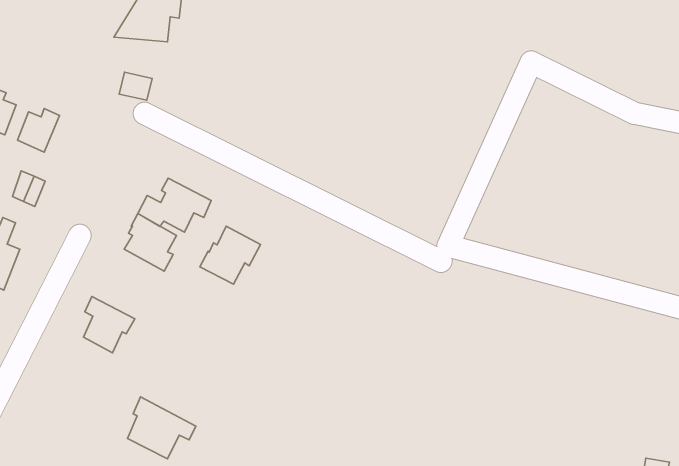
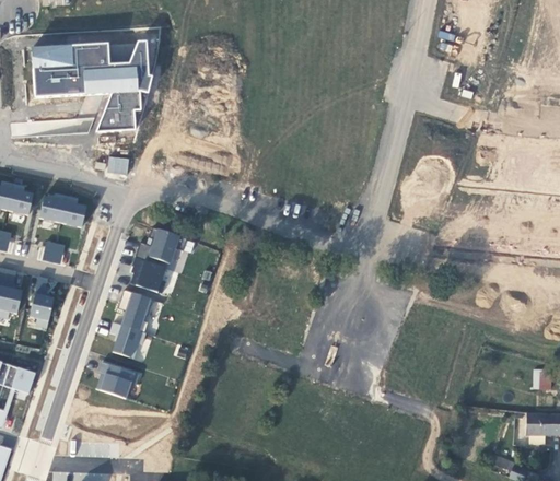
building: none -> [60,195,88,228]
building: [200,226,261,284] -> none
building: none -> [118,289,153,331]
building: [127,397,196,459] -> [95,357,143,399]

